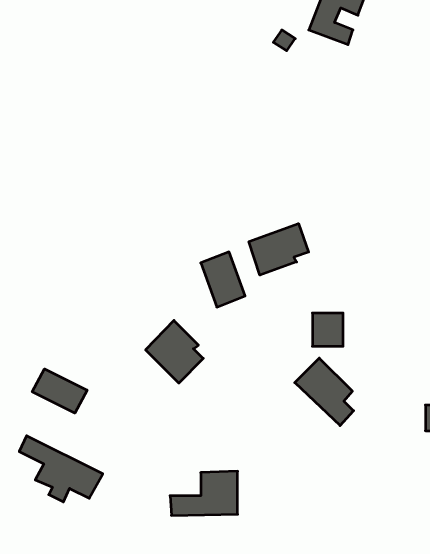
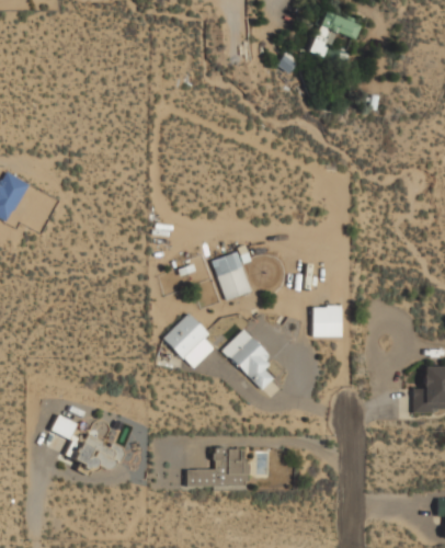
building: [249,224,309,275] -> none
building: [295,358,354,426] -> [221,329,274,389]
building: [32,369,87,413] -> none

